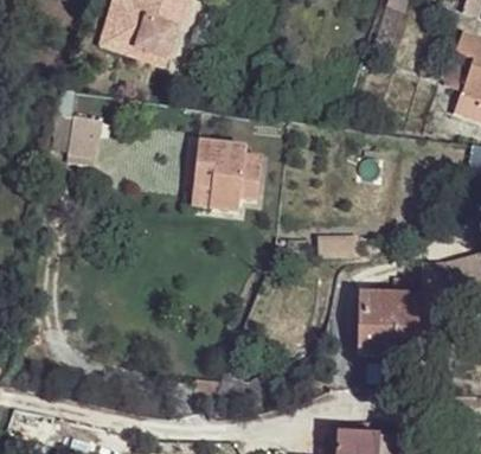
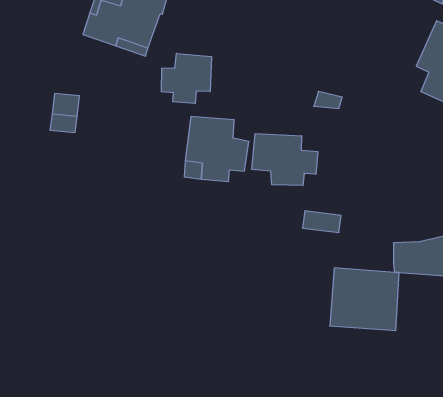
building: none -> [161,53,211,104]
building: none -> [252,134,318,186]

